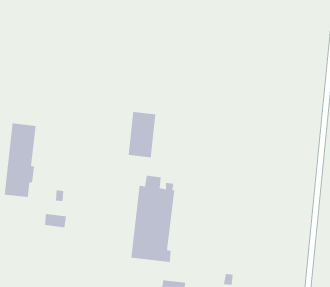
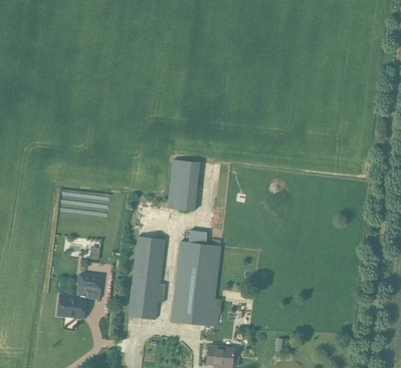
building: [4,123,37,198] -> [129,237,165,319]
building: none -> [55,290,84,320]

